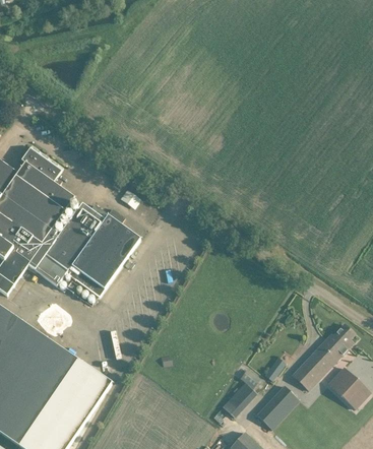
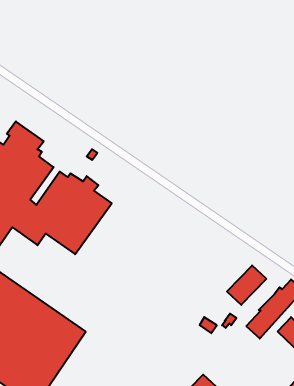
building: [223,382,256,416] -> none
building: [255,385,300,430] -> [227,265,266,305]

